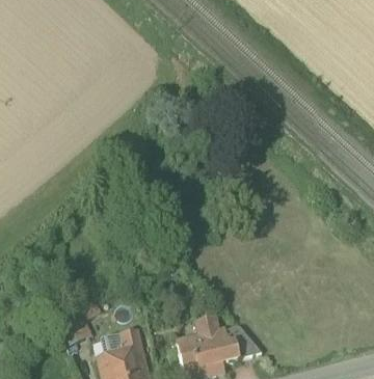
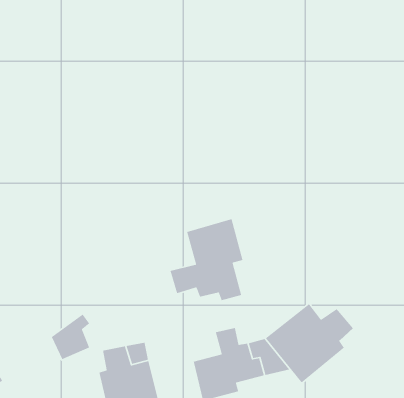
building: none -> [170,218,243,301]
building: none -> [265,303,354,384]

